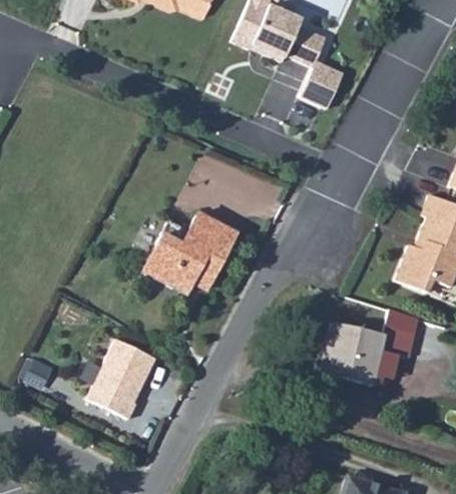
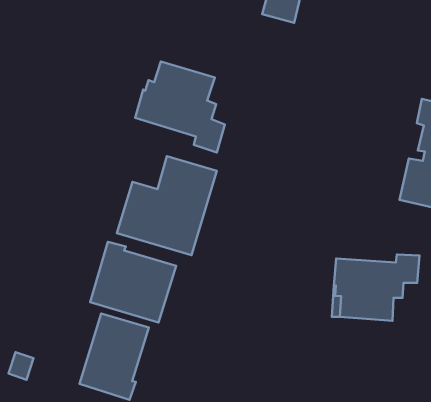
building: none -> [135,61,225,153]
building: none -> [90,242,176,322]

